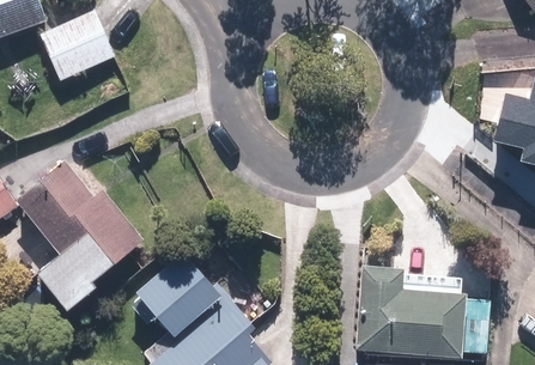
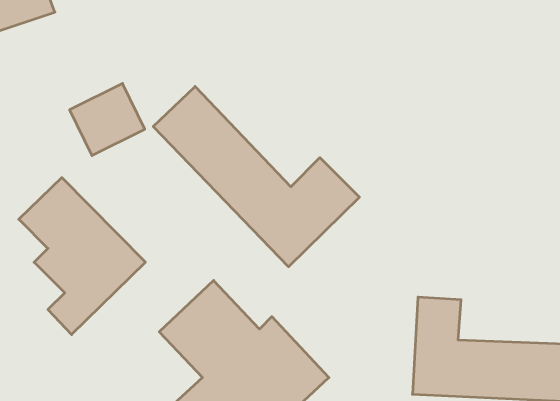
building: [47,16,111,78] -> [70,83,145,156]
building: none -> [153,86,359,267]

